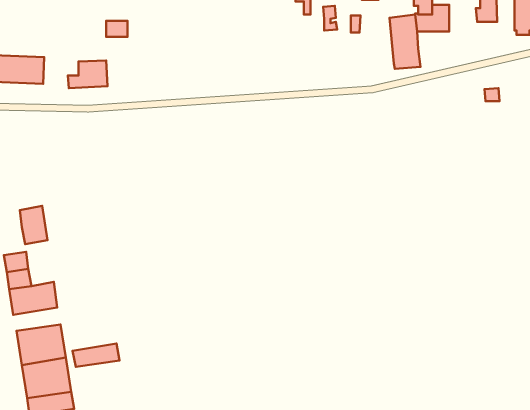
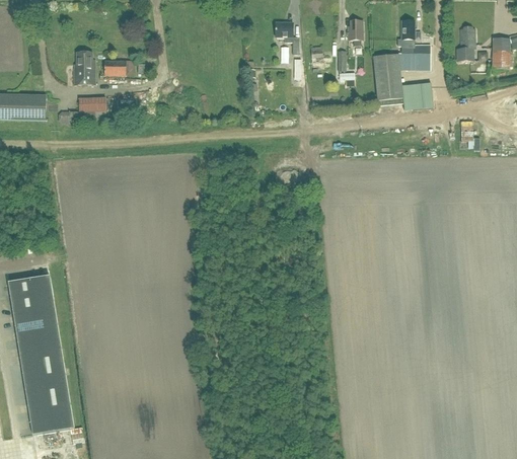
building: none -> [73,51,94,83]
building: none -> [400,81,432,102]
building: [20,206,47,244] -> [28,274,55,310]
building: [73,343,120,367] -> [16,330,61,353]

